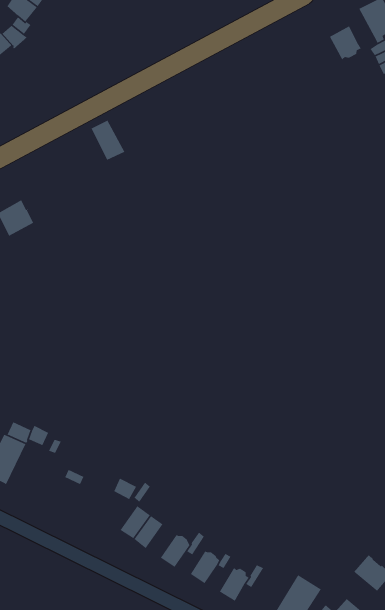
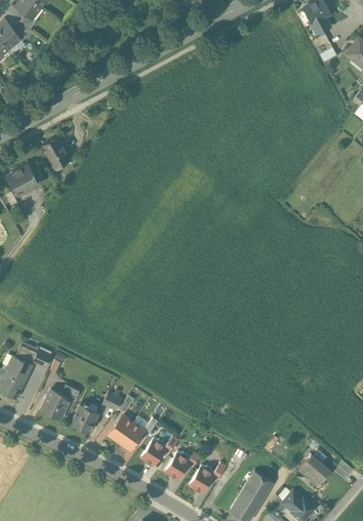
building: [329,25,362,60] -> none
building: [90,120,126,161] -> [44,137,73,171]
building: none -> [42,389,70,418]
building: none -> [71,404,98,432]

